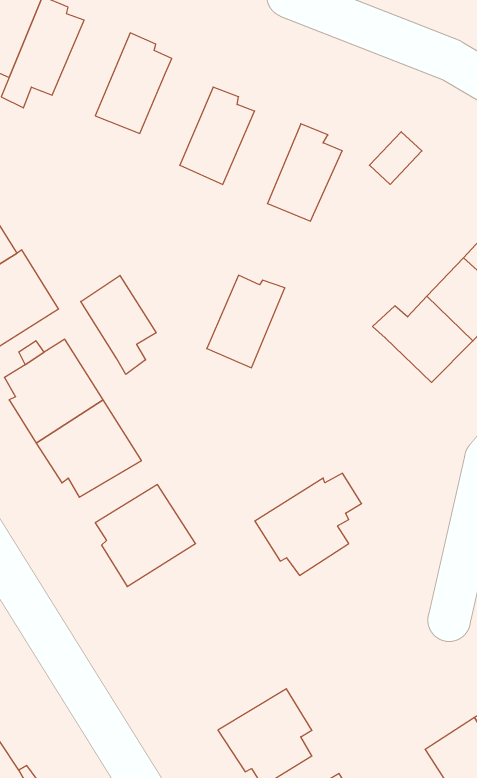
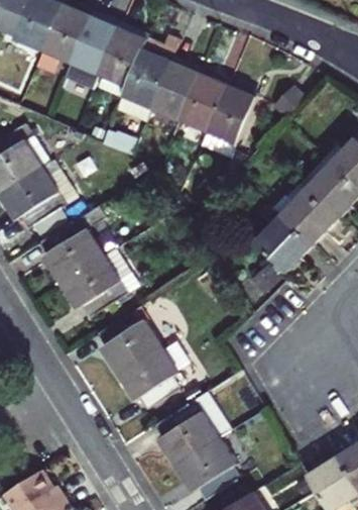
building: none -> [64,15,119,89]
building: none -> [117,48,171,118]
building: [207,275,285,368] -> [177,73,227,131]
building: [81,275,156,374] -> none
building: none -> [255,216,310,270]
building: [255,473,362,575] -> [117,343,185,408]
building: none -> [154,400,218,465]

